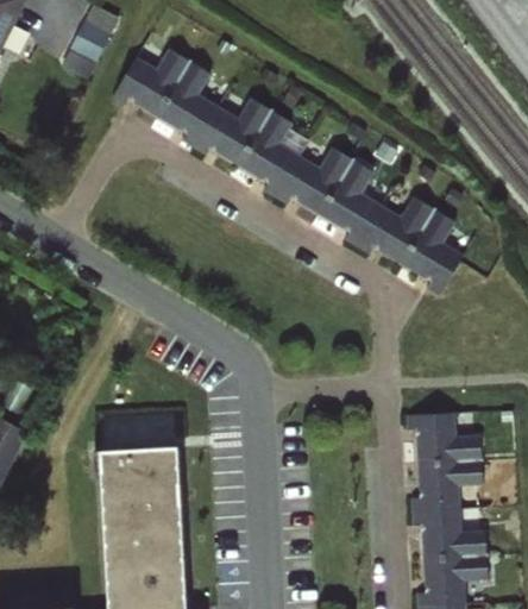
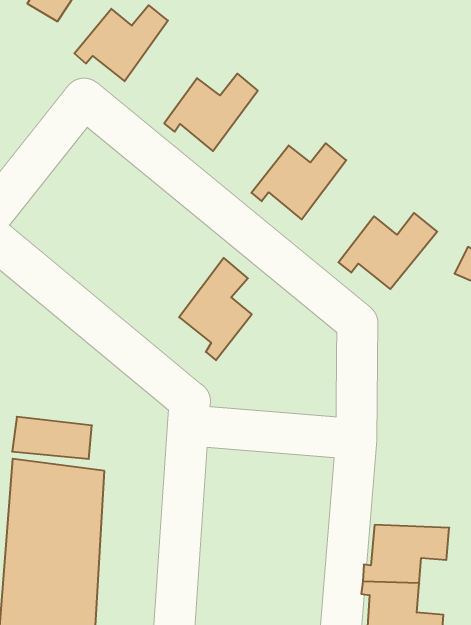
building: [155,61,215,147] -> none
building: [237,109,300,196] -> none
building: [319,158,379,245] -> [179,258,252,360]
building: [401,208,463,294] -> none
building: [403,413,477,462] -> none

